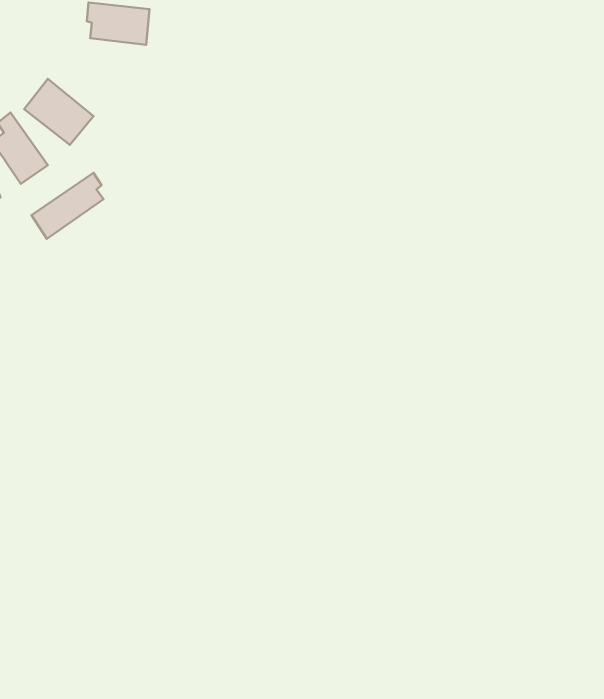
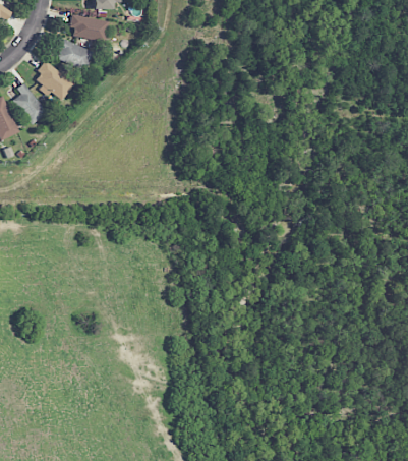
building: none -> [55,36,94,70]
building: [31,173,103,239] -> none

